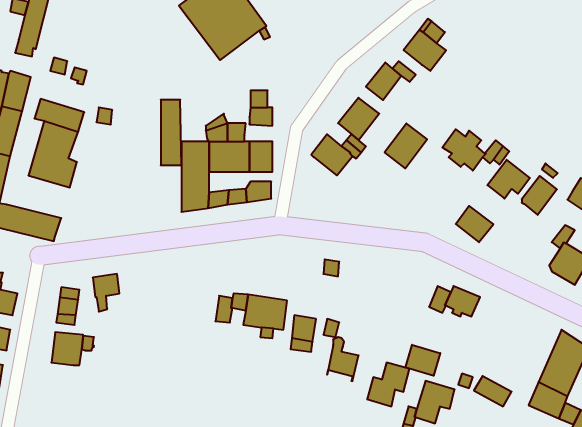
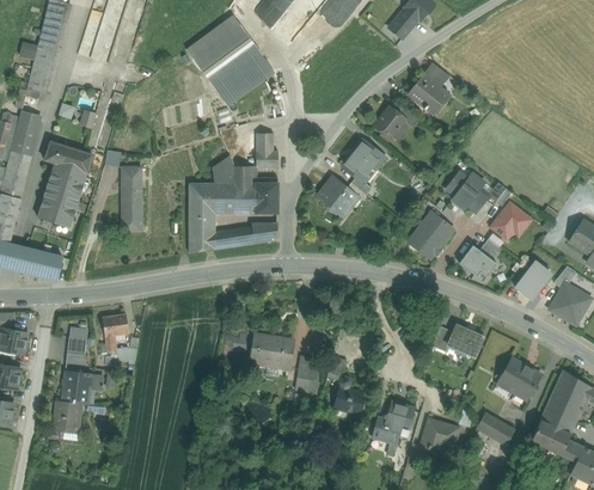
building: [161,100,181,165] -> [122,166,142,231]
building: [385,123,427,168] -> [410,213,452,257]
building: [522,176,557,215] -> [516,261,551,299]
building: none -> [496,357,540,399]
building: [405,345,440,376] -> none
building: none -> [51,399,82,433]

